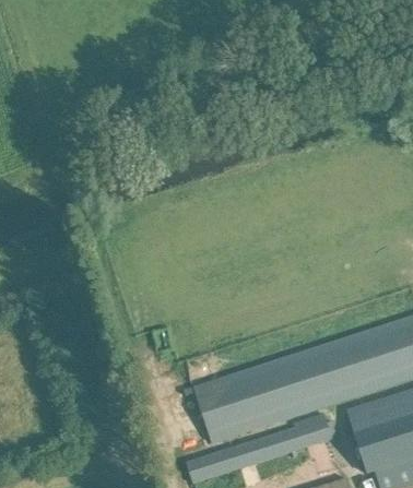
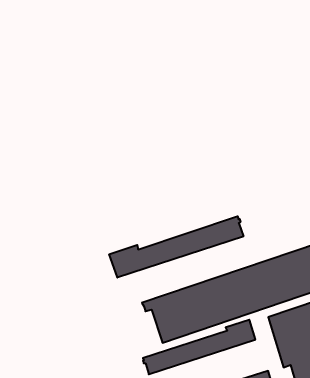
building: none -> [109,216,243,278]

